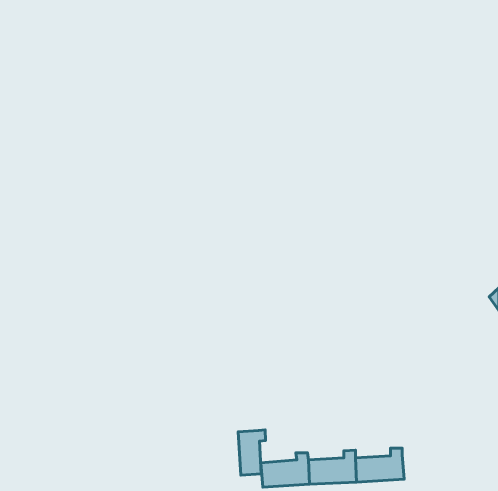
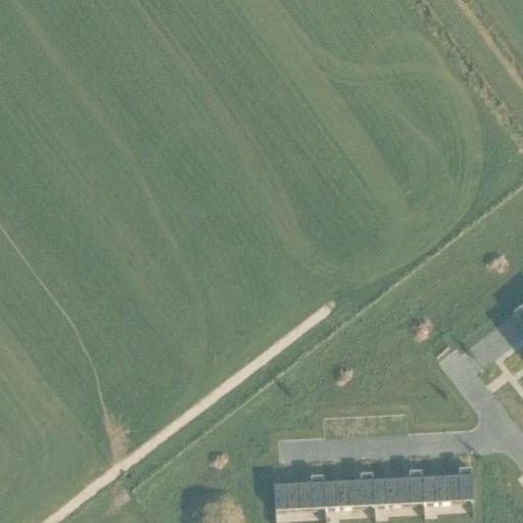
building: [238,430,265,475] -> none
building: none -> [422,466,474,502]

